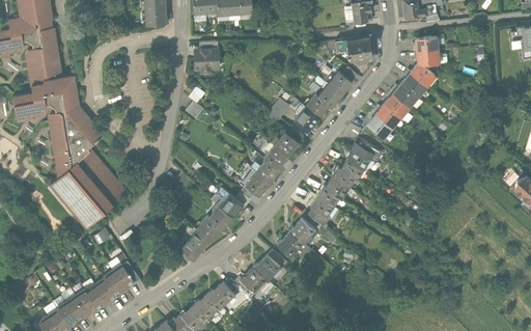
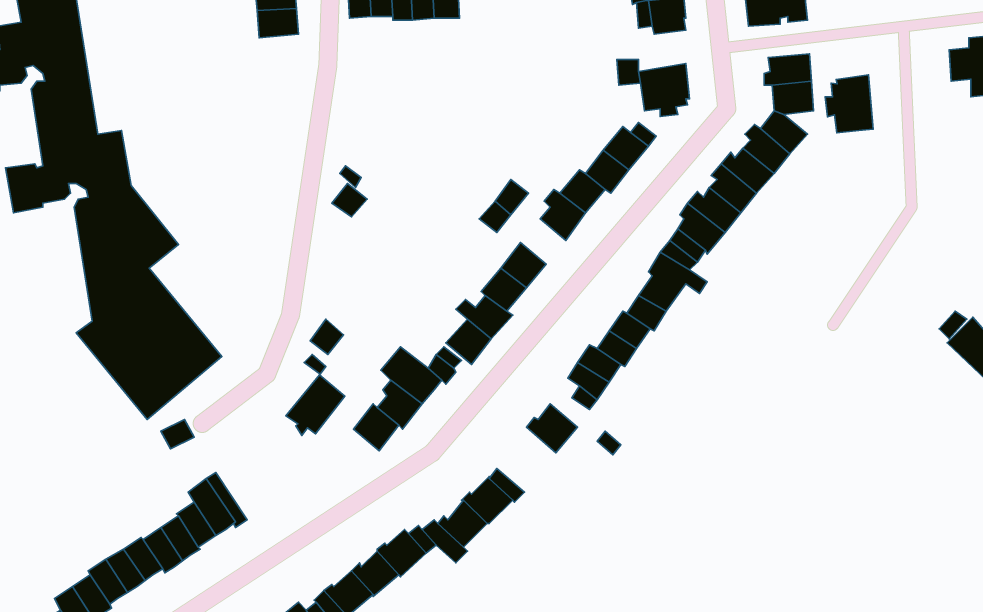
building: none -> [825,75,873,133]
building: [195,50,218,72] -> none
building: [274,230,303,257] -> none
building: [178,231,209,264] -> [286,375,345,436]

